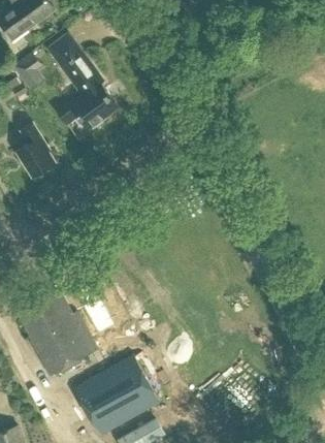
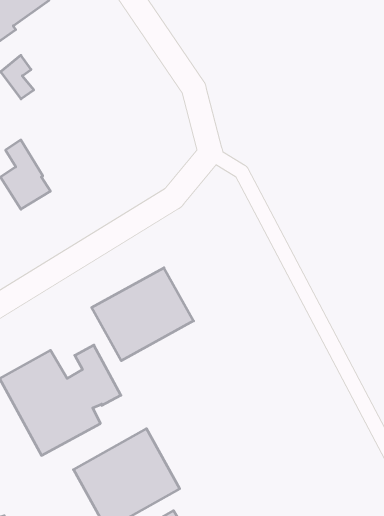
building: [48,36,118,130] -> none
building: none -> [92,268,194,361]

